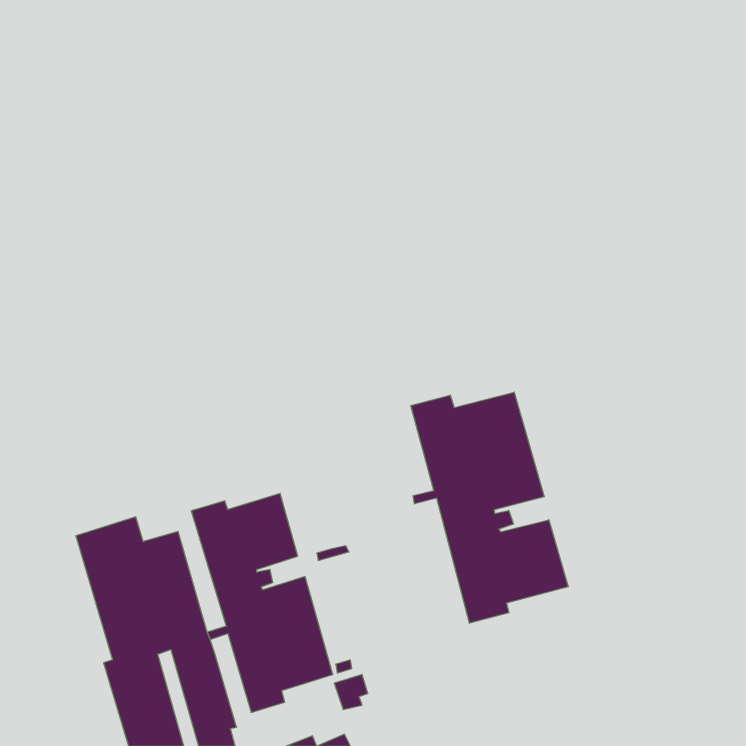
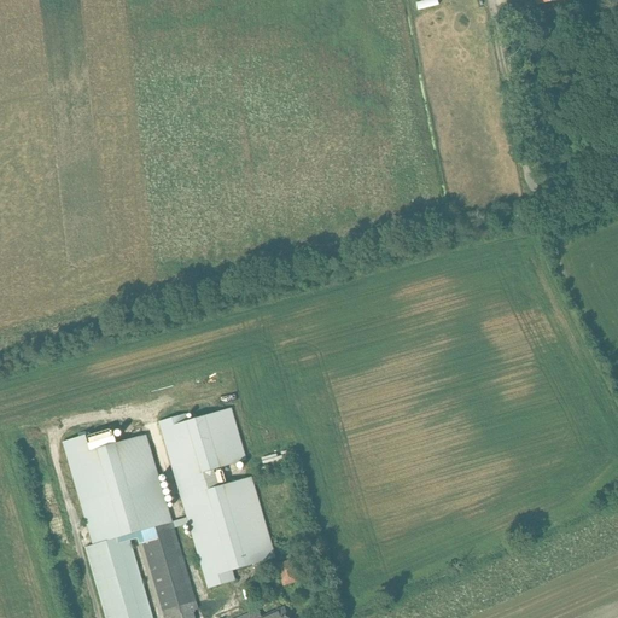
building: [411,392,568,623] -> none

